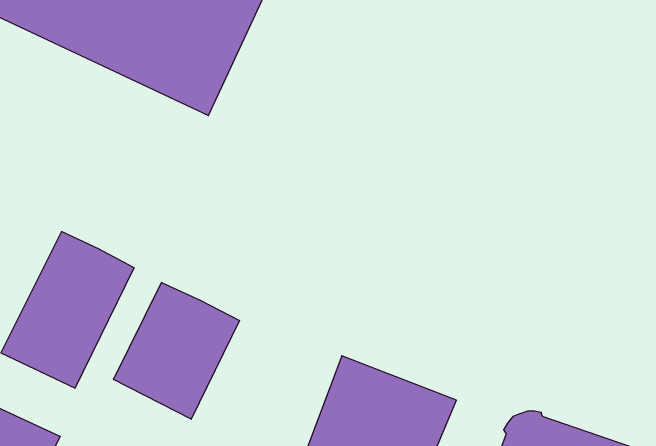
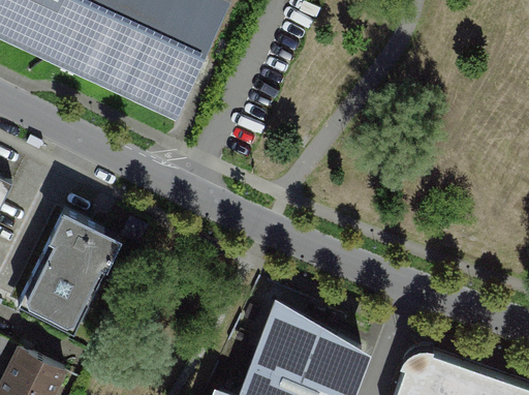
building: [114,282,239,419] -> none

